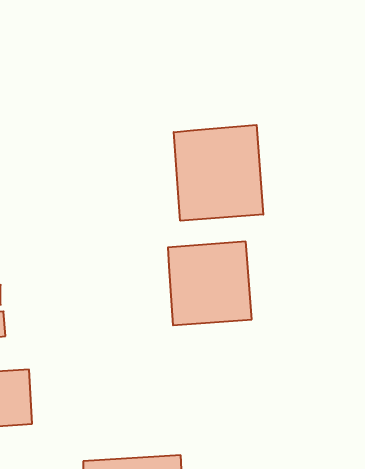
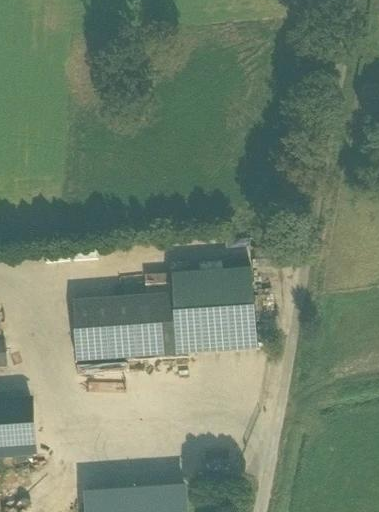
building: [174,125,263,221] -> none
building: none -> [73,293,177,360]

